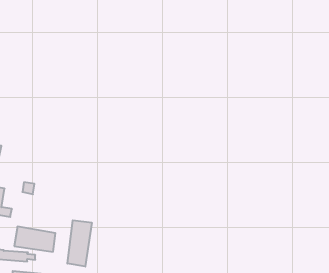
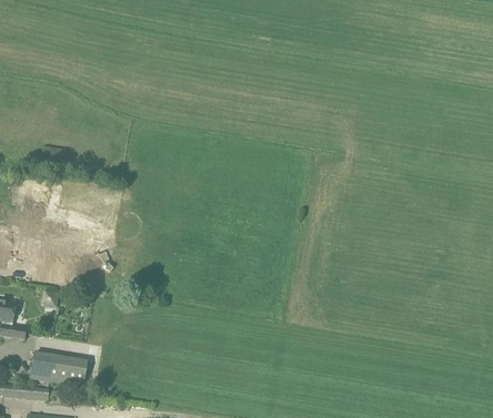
building: [67,220,92,267] -> none

